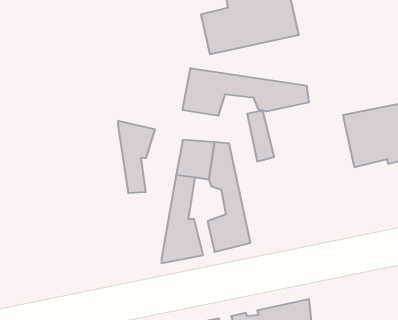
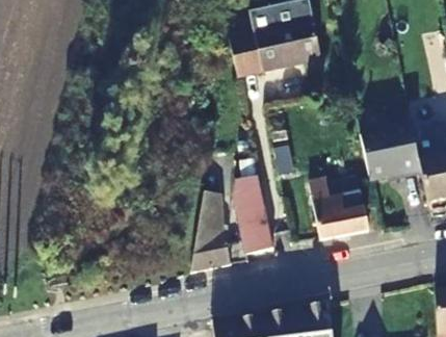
building: [183,68,309,116] -> none
building: [118,121,155,193] -> none
building: none -> [313,180,372,239]

